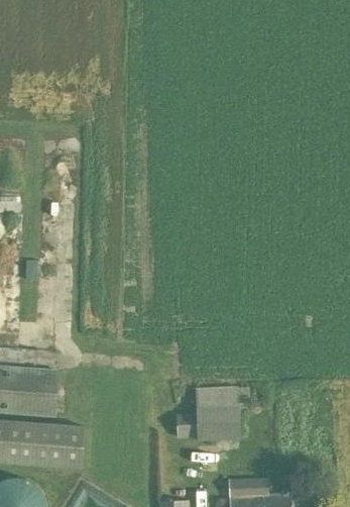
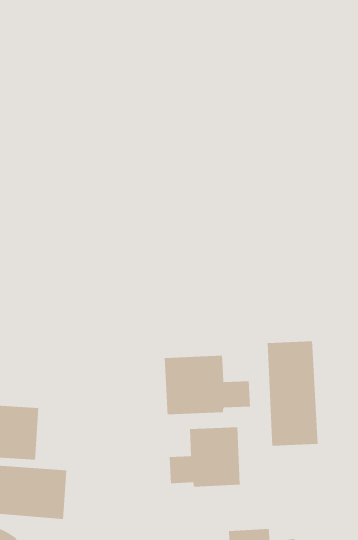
building: none -> [267,341,318,446]
building: none -> [164,355,250,415]

